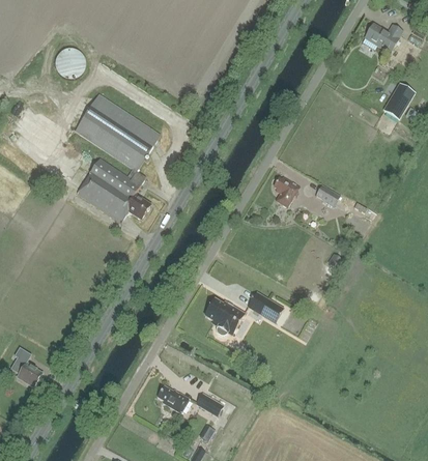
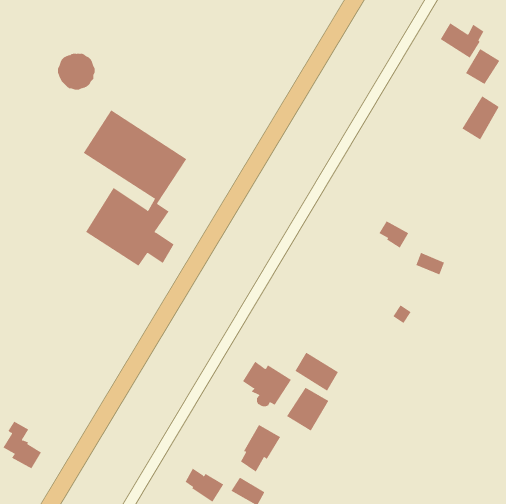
building: none -> [465,48,500,85]
building: [274,177,299,207] -> none
building: none -> [286,387,329,432]
building: none -> [240,424,281,473]

